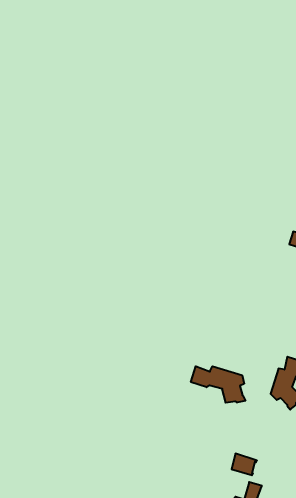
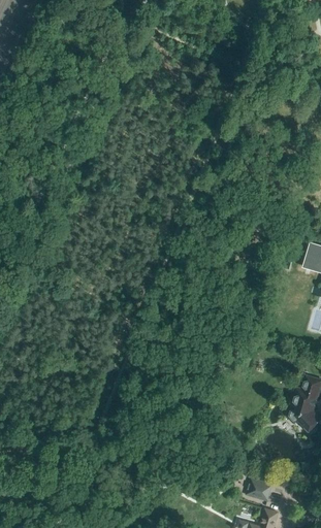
building: [191,366,245,403] -> none

